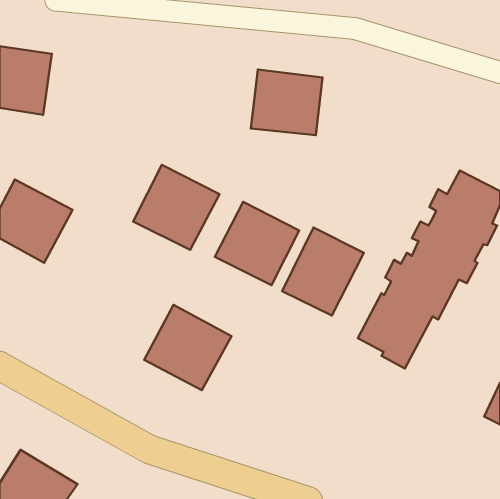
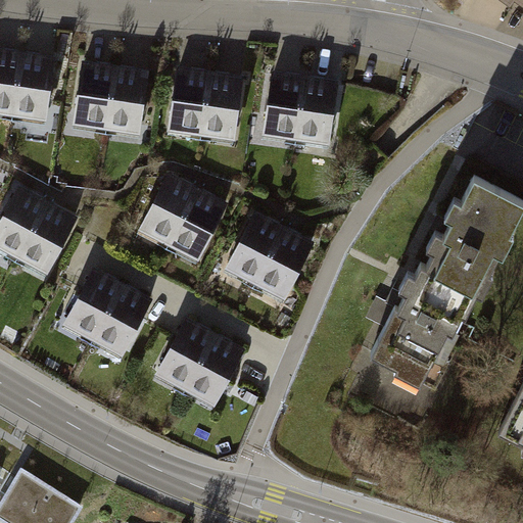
building: none -> [70,62,147,136]
building: none -> [168,69,241,143]
building: [282,228,364,316] -> none
building: none -> [60,270,151,361]

